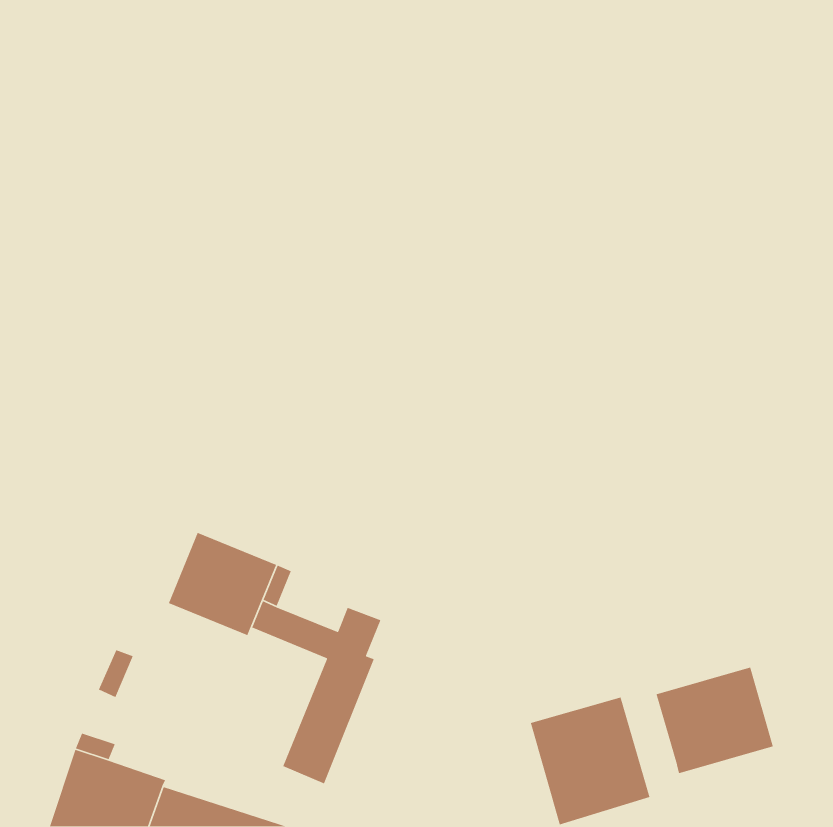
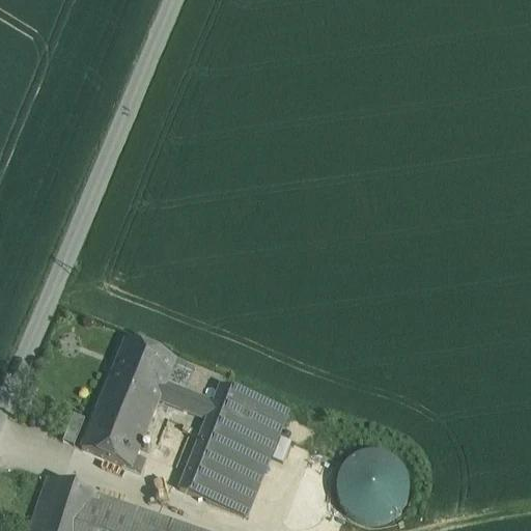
building: none -> [82,384,158,471]
building: none -> [206,394,287,514]
building: [656,667,774,774] -> none

